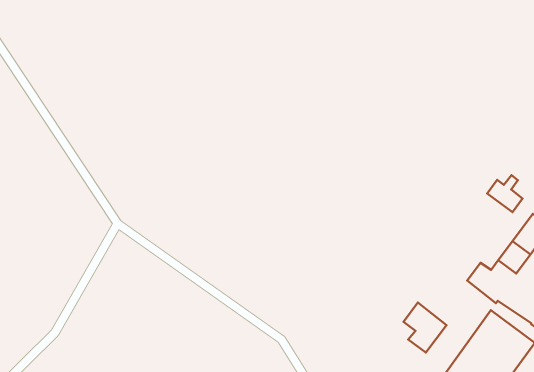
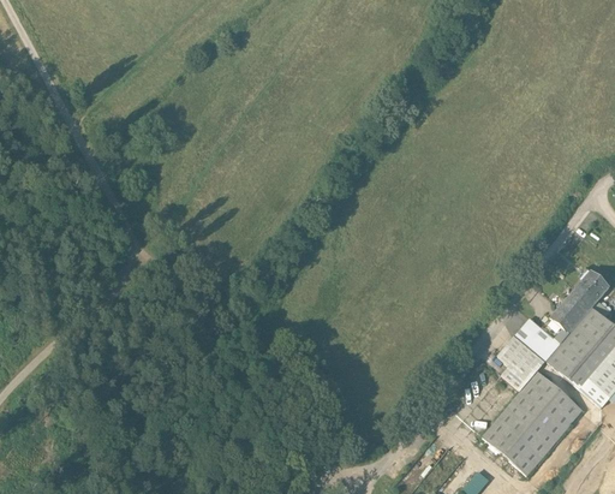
building: [487,175,523,212] -> none
building: [403,303,446,353] -> [498,338,544,392]

